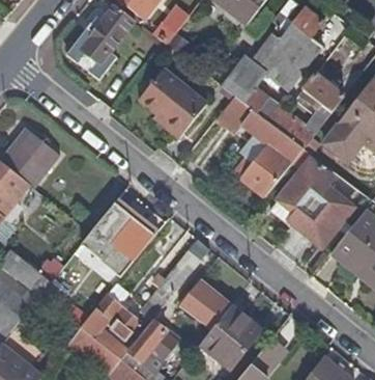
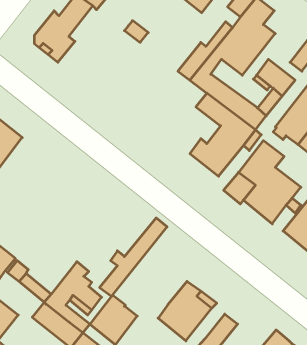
building: [138,67,206,133] -> none
building: [81,201,160,277] -> none
building: [178,279,230,329] -> none

